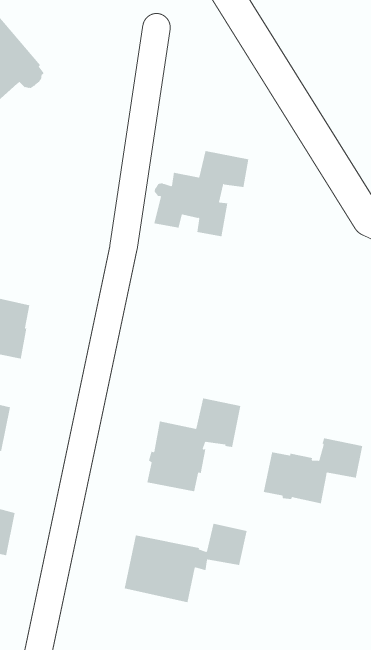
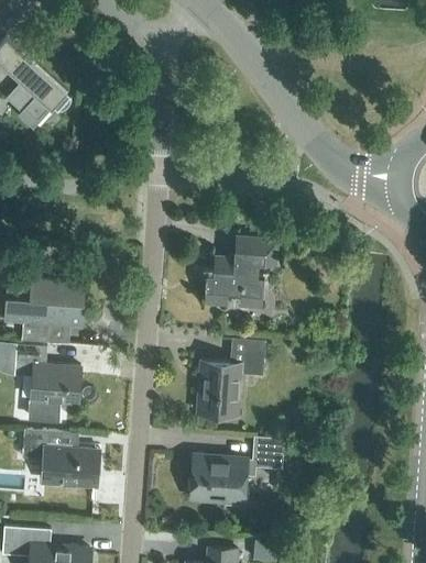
building: [154,150,249,237] -> [201,238,274,305]
building: [263,438,363,504] -> none

